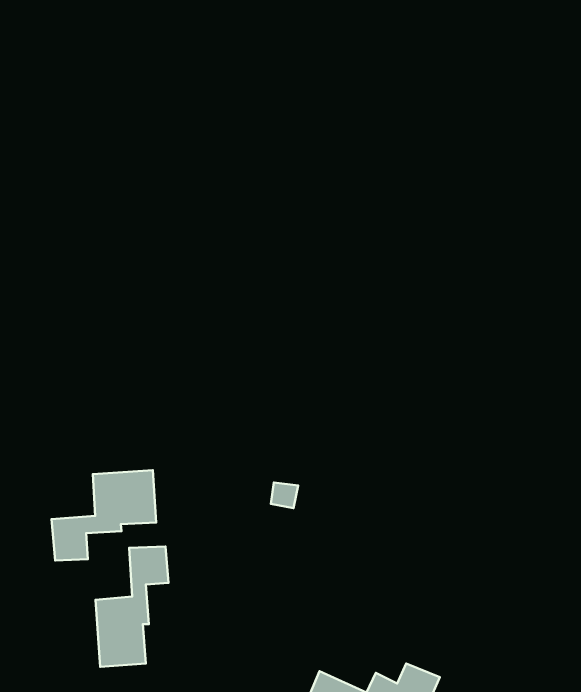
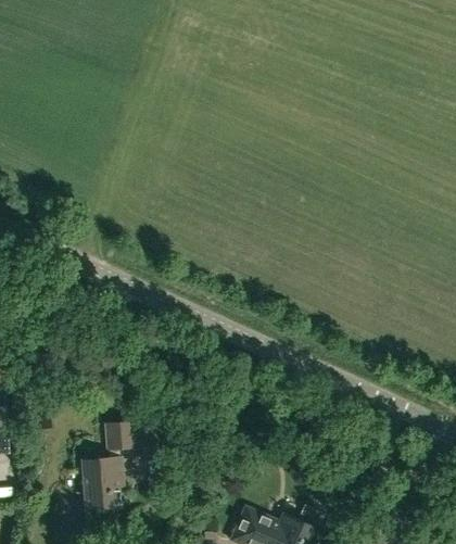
building: [52,470,156,561] -> none

